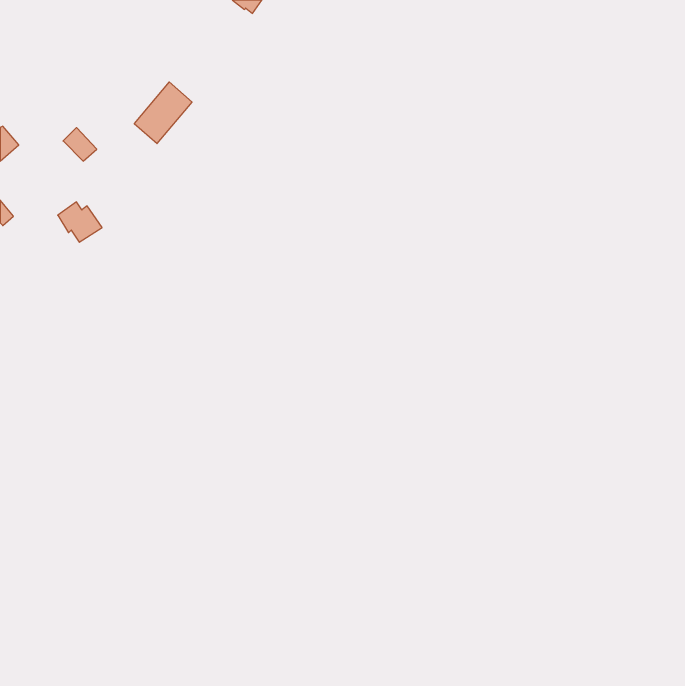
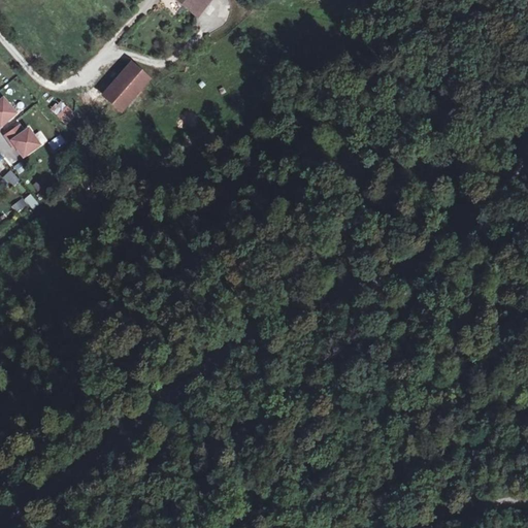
building: [58,202,102,242] -> [5,125,39,156]

